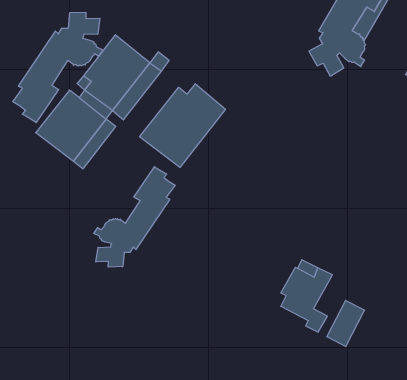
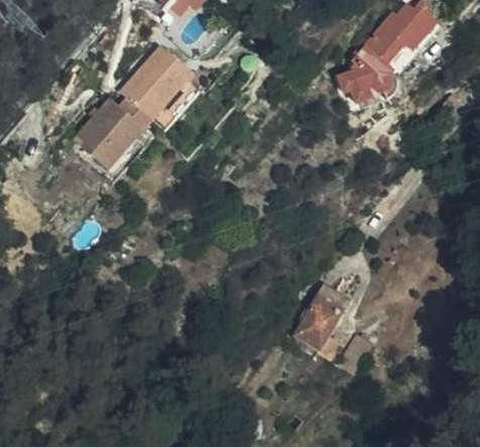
building: [13,12,103,123] -> none
building: [140,84,225,167] -> none
building: [94,167,175,267] -> none

